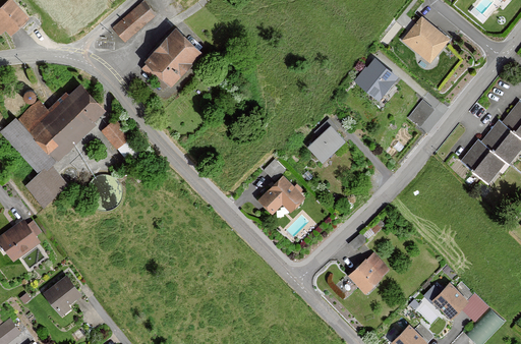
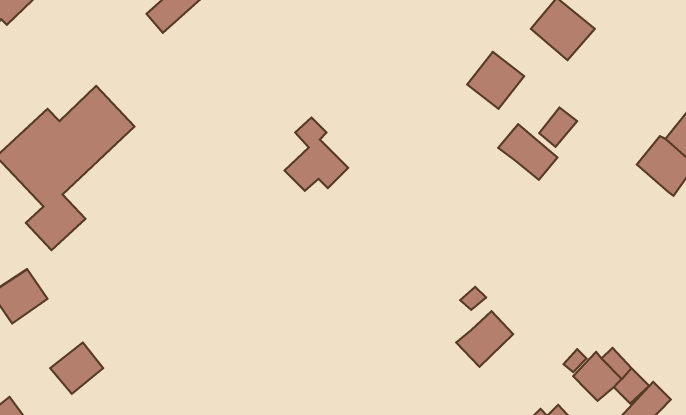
building: [142,30,197,85] -> none
building: none -> [498,124,558,180]
building: [99,119,131,152] -> none
building: [305,125,343,162] -> none
building: [461,140,505,183] -> none
building: [255,160,303,215] -> [284,118,348,191]

